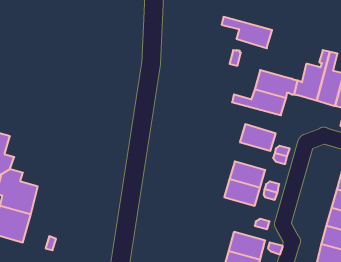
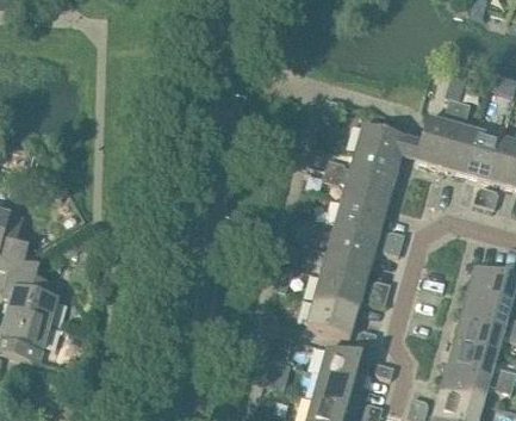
building: [222,17,272,48] -> [323,168,392,211]
building: none -> [329,223,378,261]
building: none -> [307,298,356,336]

